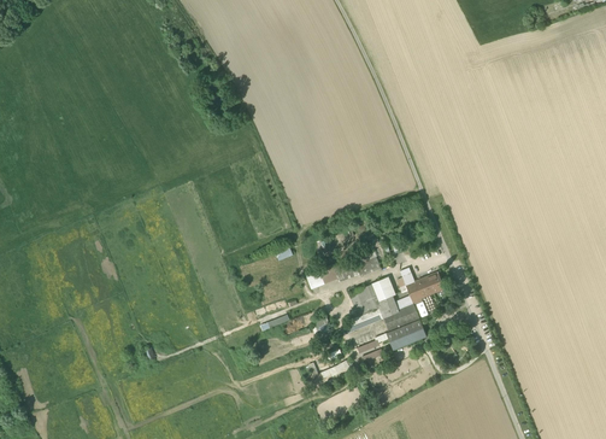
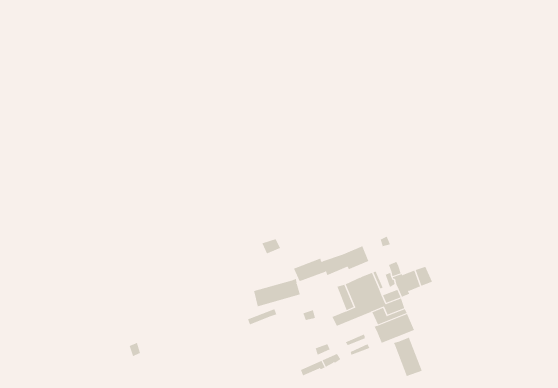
building: none -> [253,278,300,307]
building: none -> [393,337,423,377]

